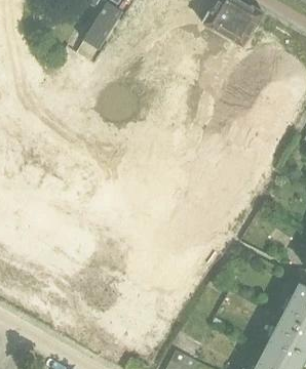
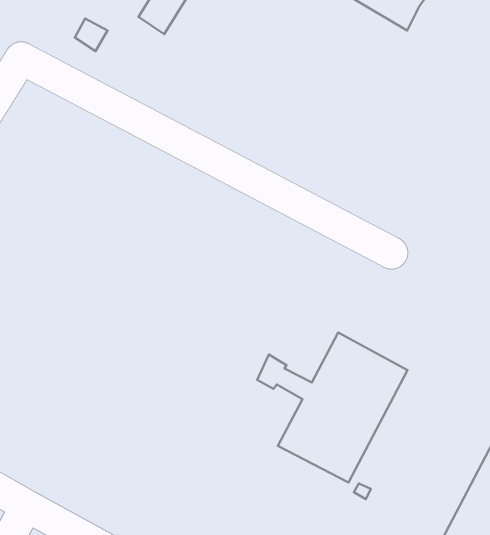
building: none -> [257,332,407,482]

